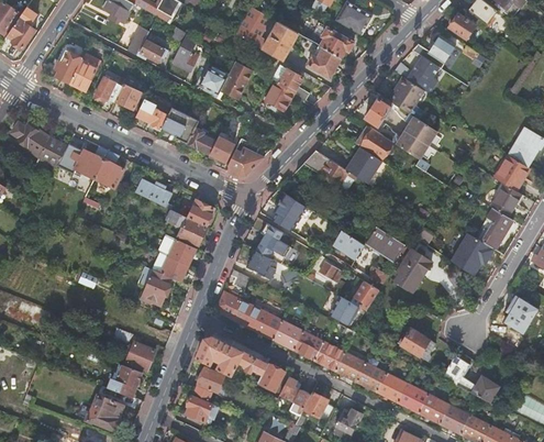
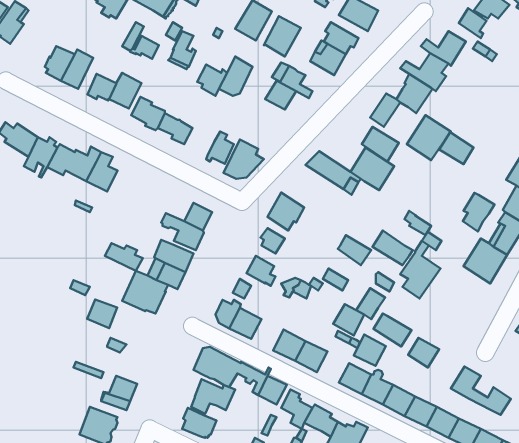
building: [187,119,215,154] -> none
building: none -> [439,132,473,164]
building: [134,179,170,206] -> [105,243,143,271]
building: none -> [463,193,495,232]
building: none -> [373,313,412,346]
building: [251,310,281,340] -> none
building: [313,341,344,371] -> [354,335,386,366]
building: [125,342,154,369] -> [87,299,117,328]

